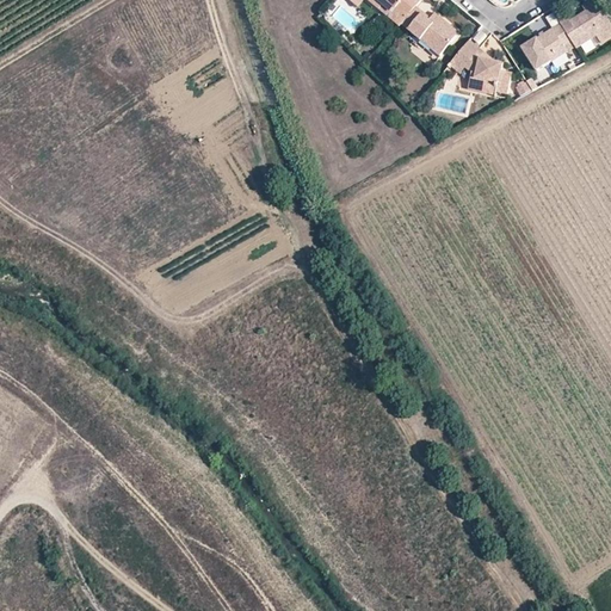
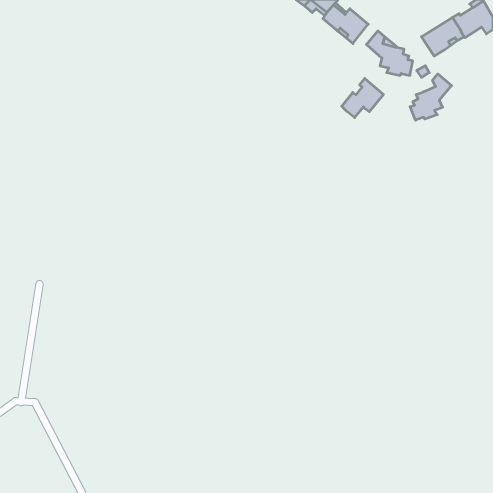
building: none -> [410,74,452,120]
building: none -> [342,78,383,118]

